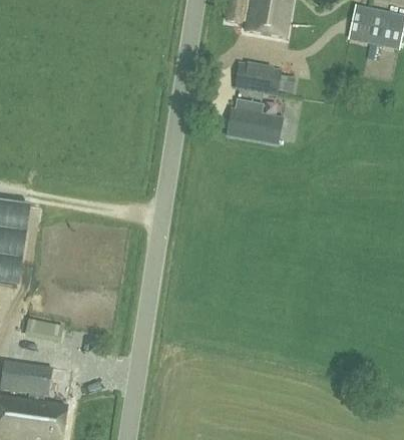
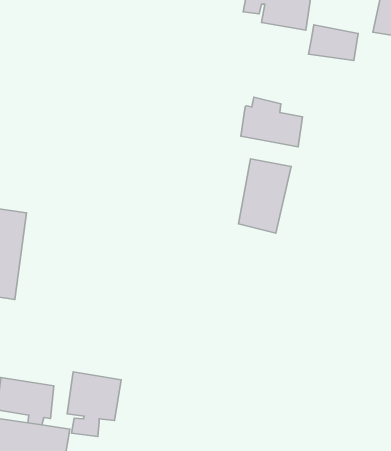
building: [235,61,281,94] -> [309,25,358,61]
building: none -> [238,159,291,233]
building: none -> [67,372,121,436]

